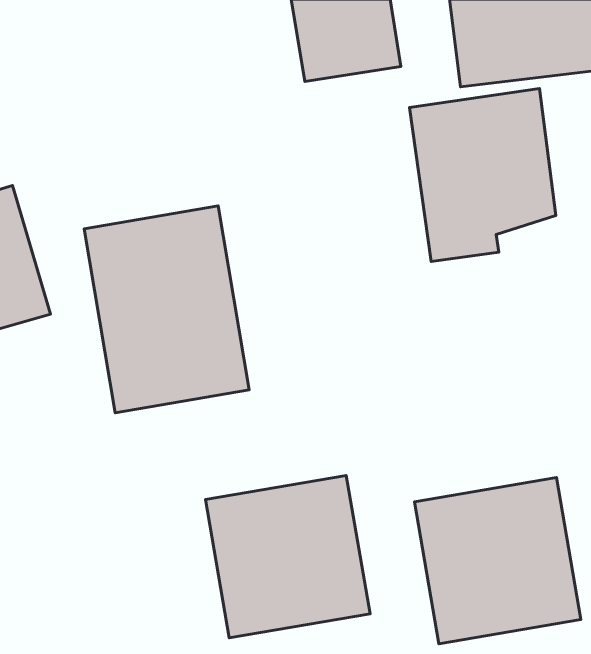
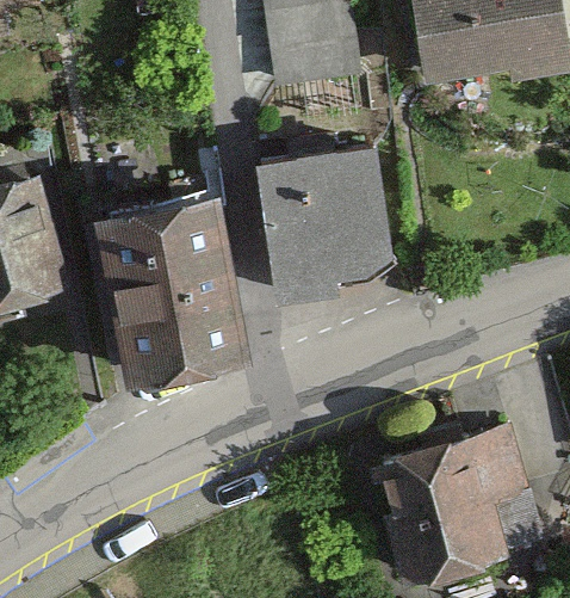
building: [410,89,556,262] -> [256,143,385,296]
building: [205,475,370,638] -> none

